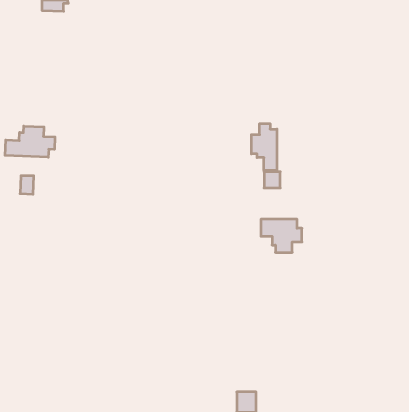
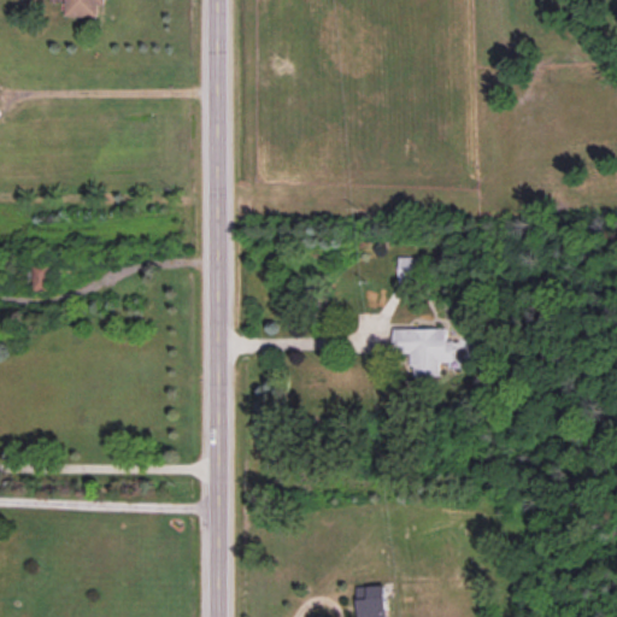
building: [251,124,277,171] -> none
building: [5,126,55,157] -> none

